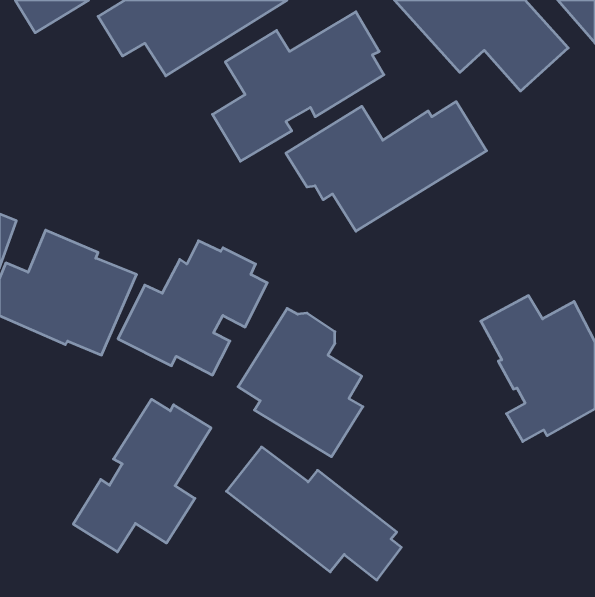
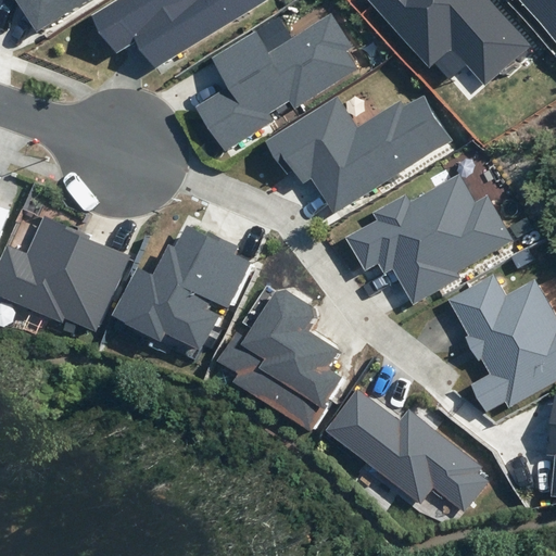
building: none -> [344,174,510,303]
building: [73,399,211,552] -> none
building: [226,447,401,580] -> [324,388,486,511]

